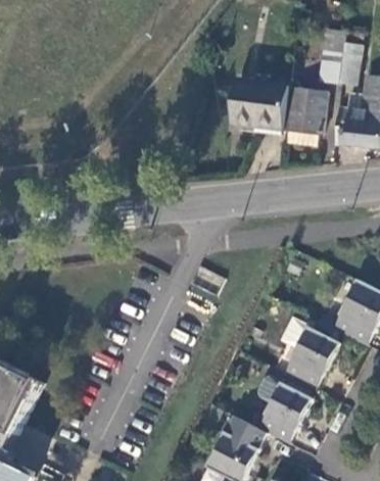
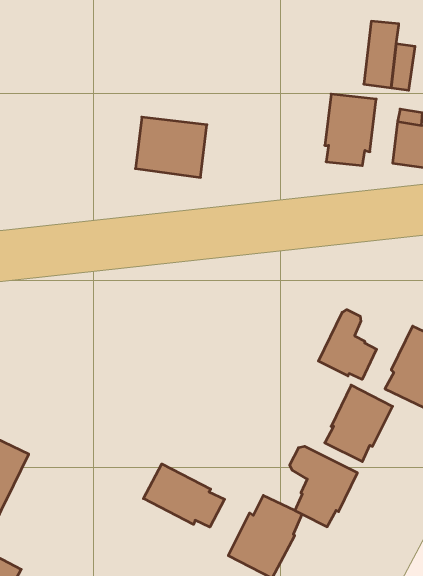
building: [229,81,287,130] -> [135,117,207,177]
building: none -> [318,310,377,379]
building: none -> [143,464,225,527]

